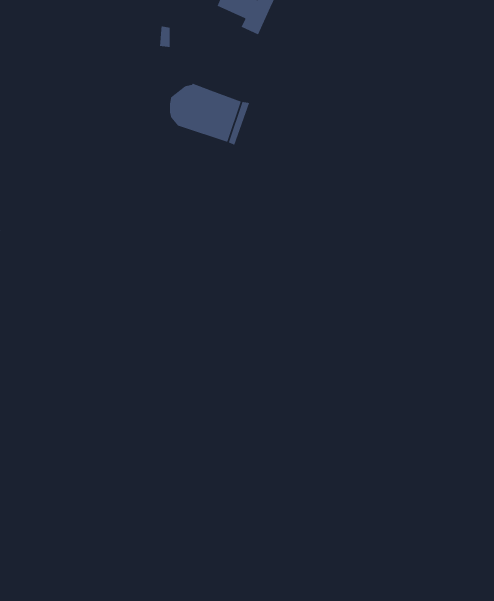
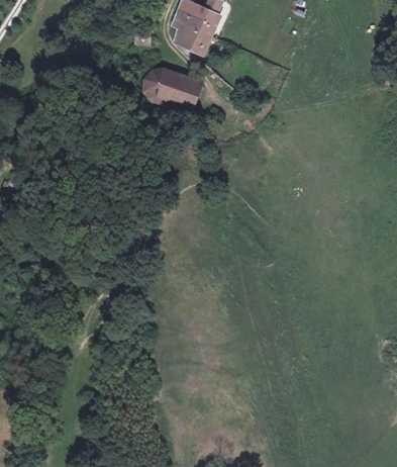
building: none -> [174,12,208,50]

